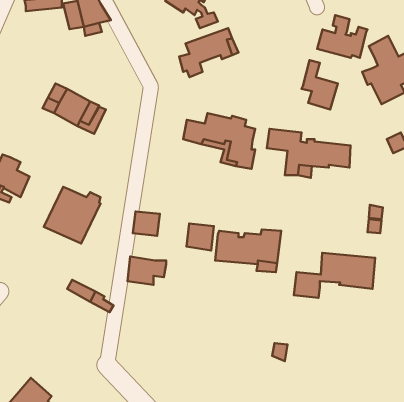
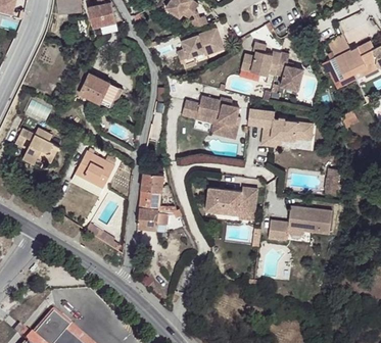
building: [317,15,368,58] -> [242,39,282,72]
building: [187,223,214,251] -> [139,189,160,210]

